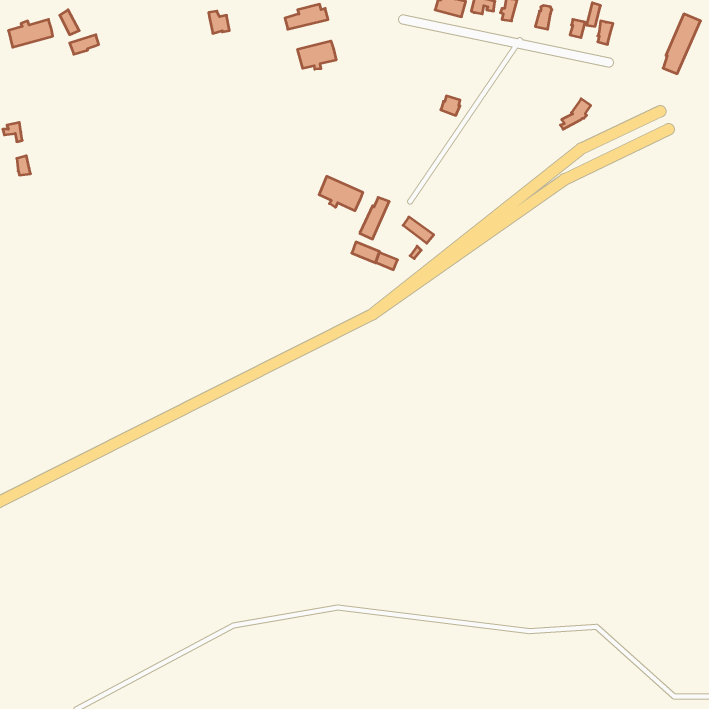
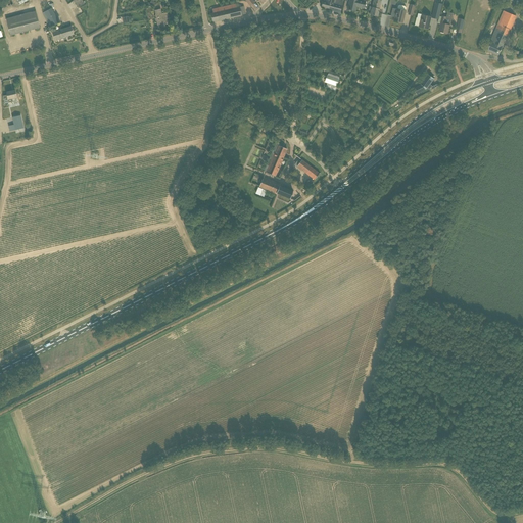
building: [298,41,336,69] -> none
building: [319,176,363,211] -> none

